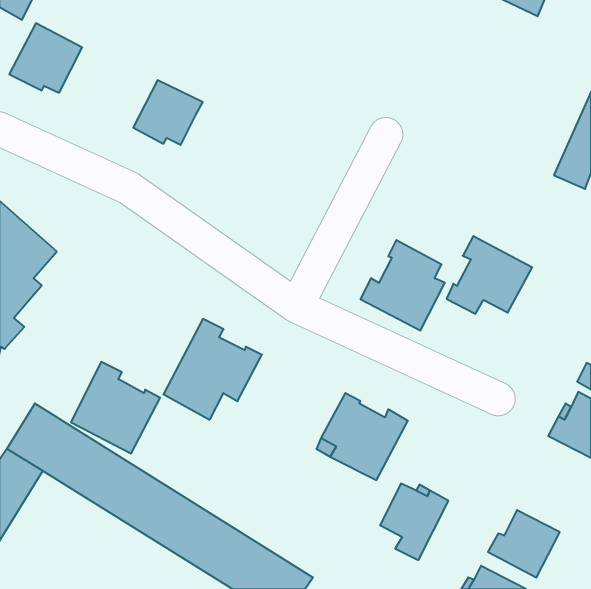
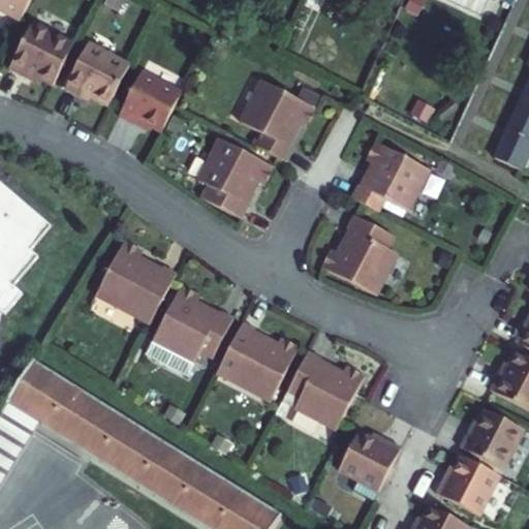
building: none -> [64,41,129,103]
building: none -> [241,80,315,159]
building: none -> [197,137,273,218]
building: [447,236,532,314] -> [351,141,428,210]
building: none -> [217,321,299,399]
building: [71,362,160,453] -> [96,240,176,321]
building: none -> [460,408,523,468]

